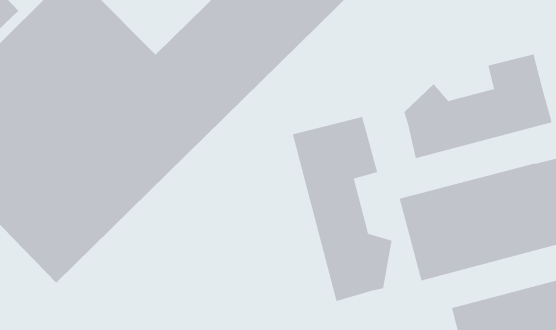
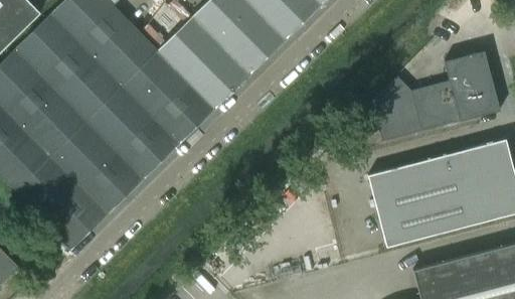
building: [292,116,392,302] -> none

